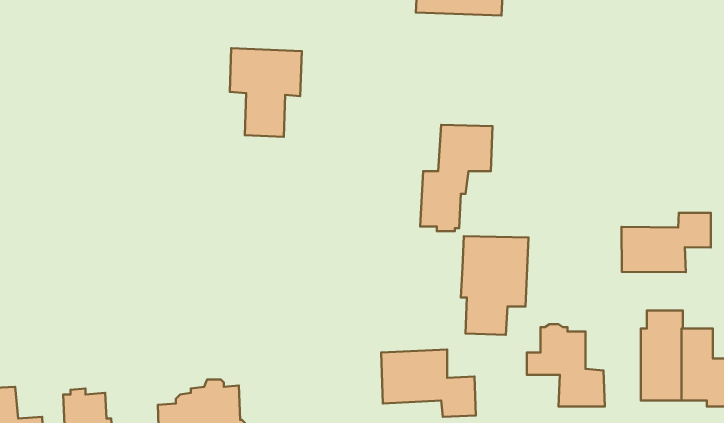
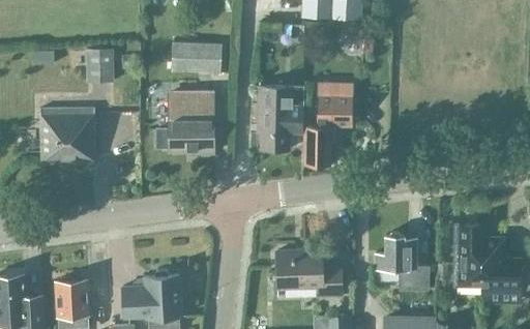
building: none -> [87,48,114,82]
building: none -> [156,106,213,155]
building: none -> [41,107,94,162]
building: [621,213,711,272] -> none
building: [461,236,528,335] -> [257,84,303,152]

